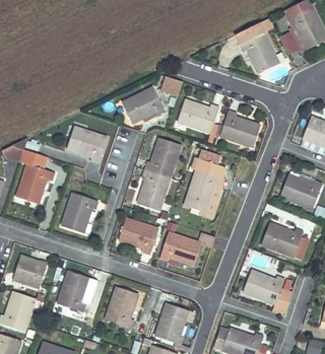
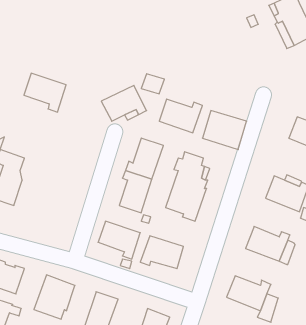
building: [235,22,278,73] -> none
building: [66,126,107,163] -> [24,73,66,112]
building: [61,193,99,233] -> none

